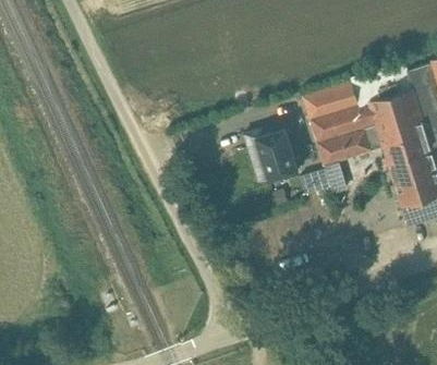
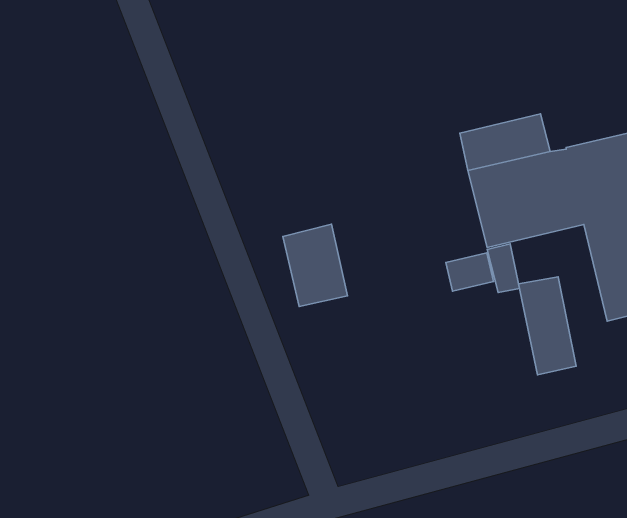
building: [255,129,298,181] -> [283,224,348,306]
building: none -> [519,277,576,375]

